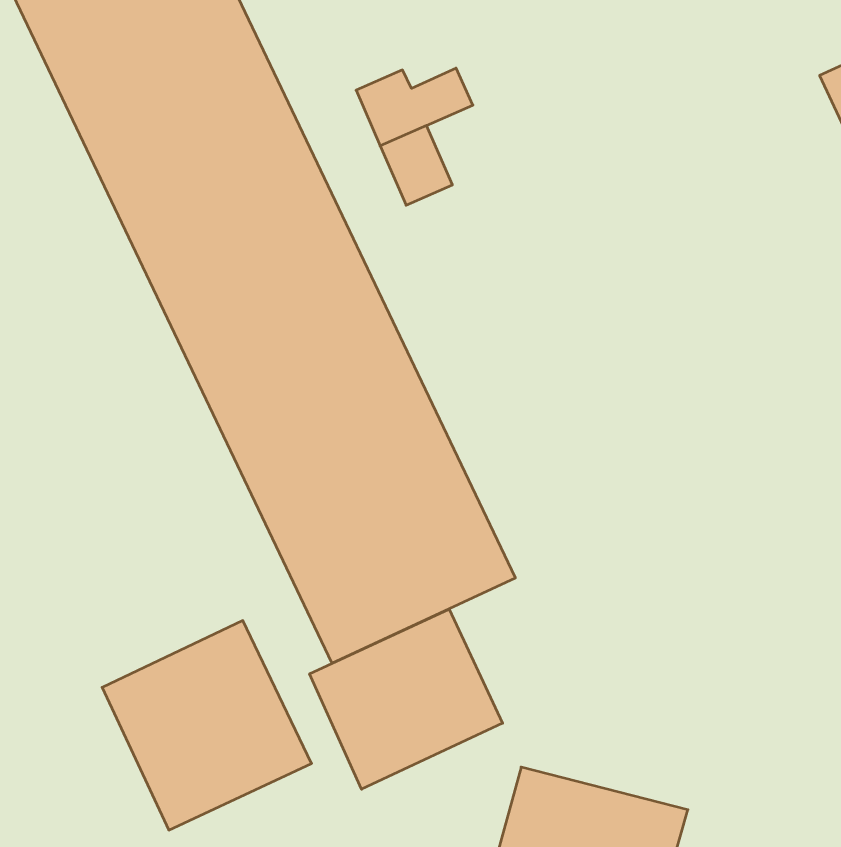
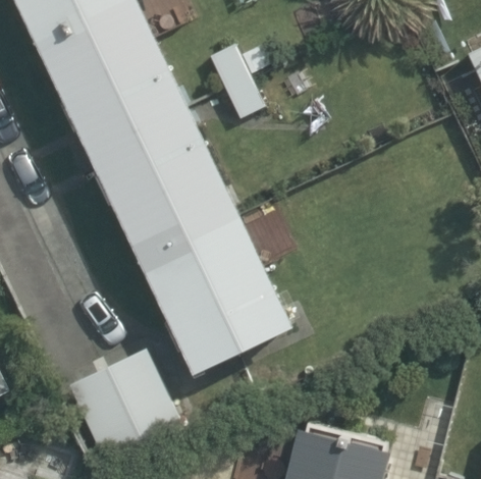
building: [310,609,503,789] -> none

